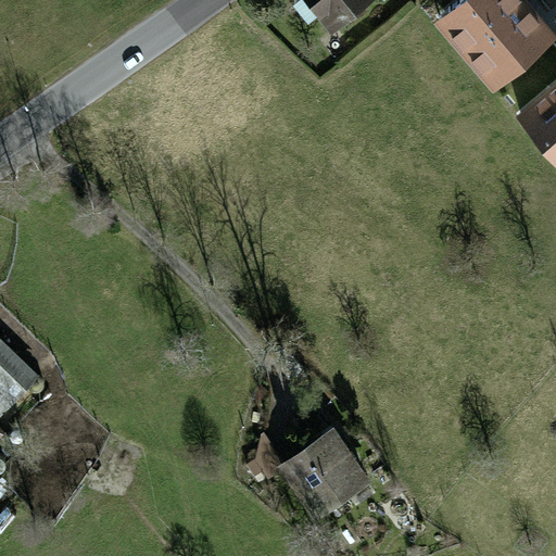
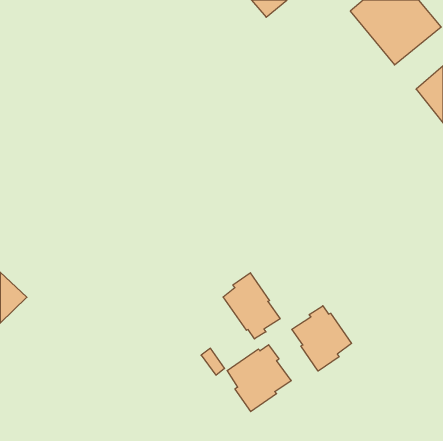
building: none -> [223,273,280,339]
building: none -> [292,306,352,371]

